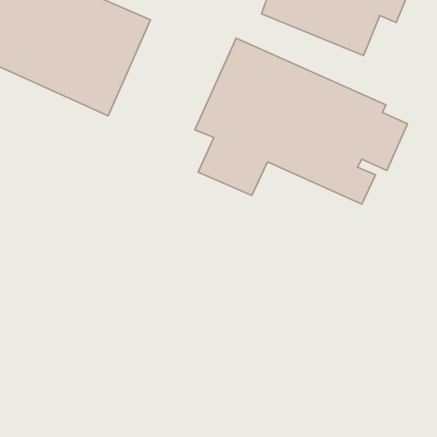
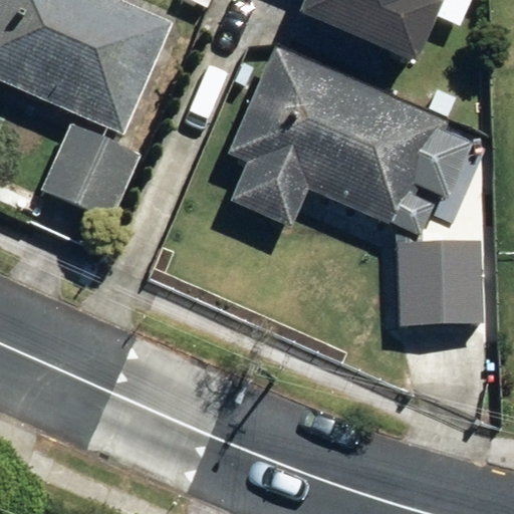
building: none -> [42,122,140,220]
building: none -> [396,239,484,325]

